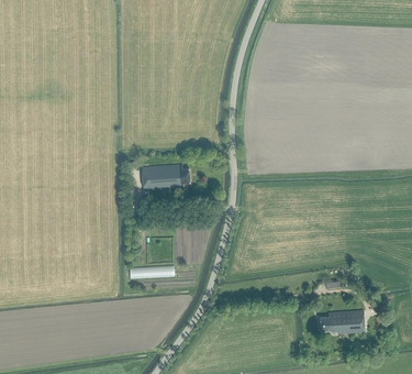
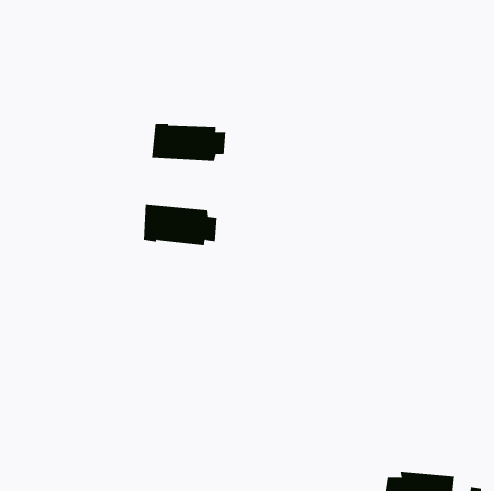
building: none -> [152,123,226,161]

